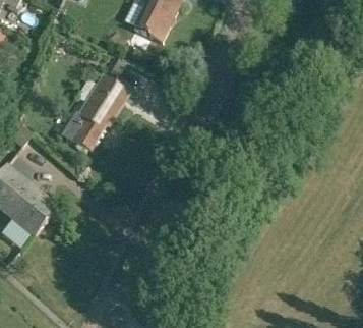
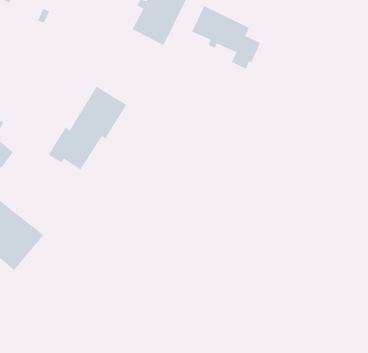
building: none -> [192,5,261,69]

